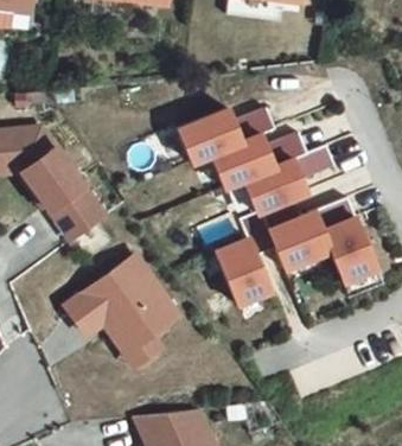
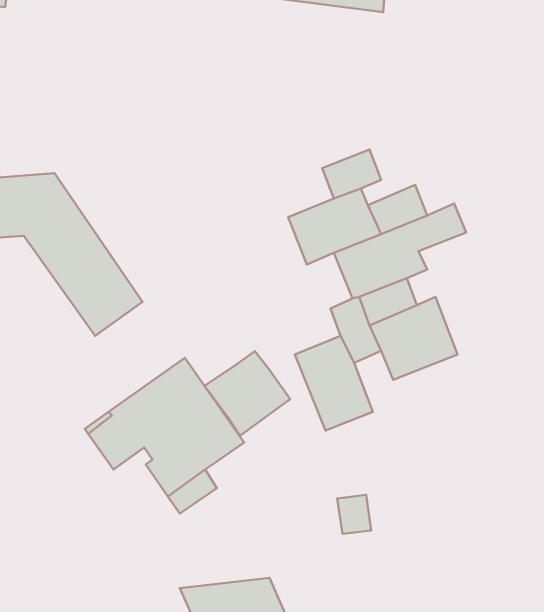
building: [180,110,244,165] -> none
building: [315,199,378,283] -> none
building: none -> [204,351,290,436]

